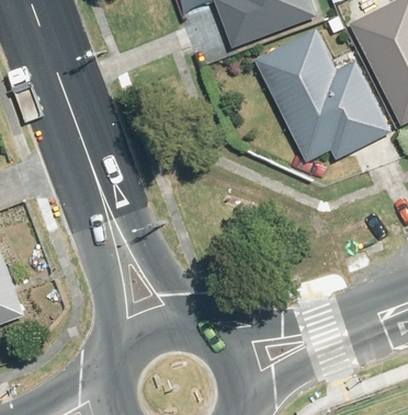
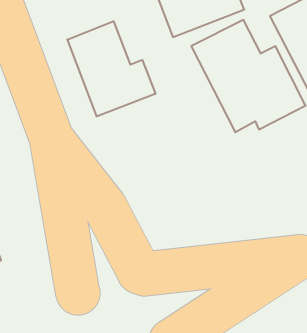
building: none -> [67,21,155,116]

